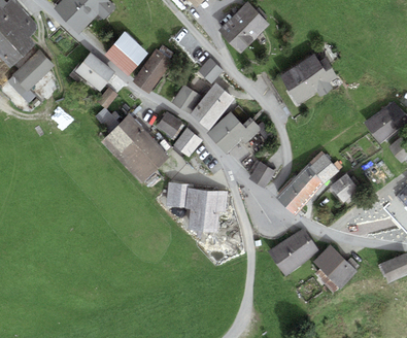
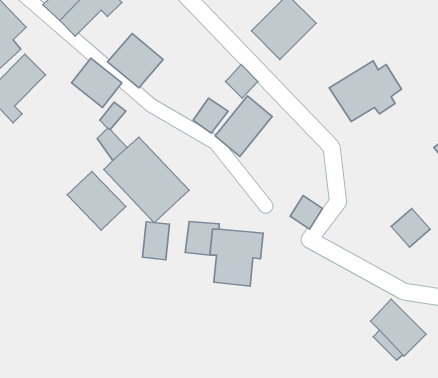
building: [132,48,172,93] -> none
building: [155,110,182,138] -> none
building: [206,110,261,154] -> none
building: [172,127,202,157] -> none
building: none -> [67,171,126,230]
building: [274,150,338,214] -> none
building: none -> [142,222,170,260]
building: [268,228,318,275] -> none

